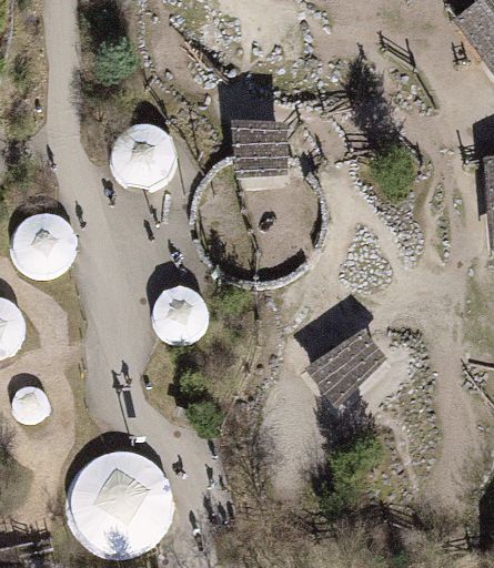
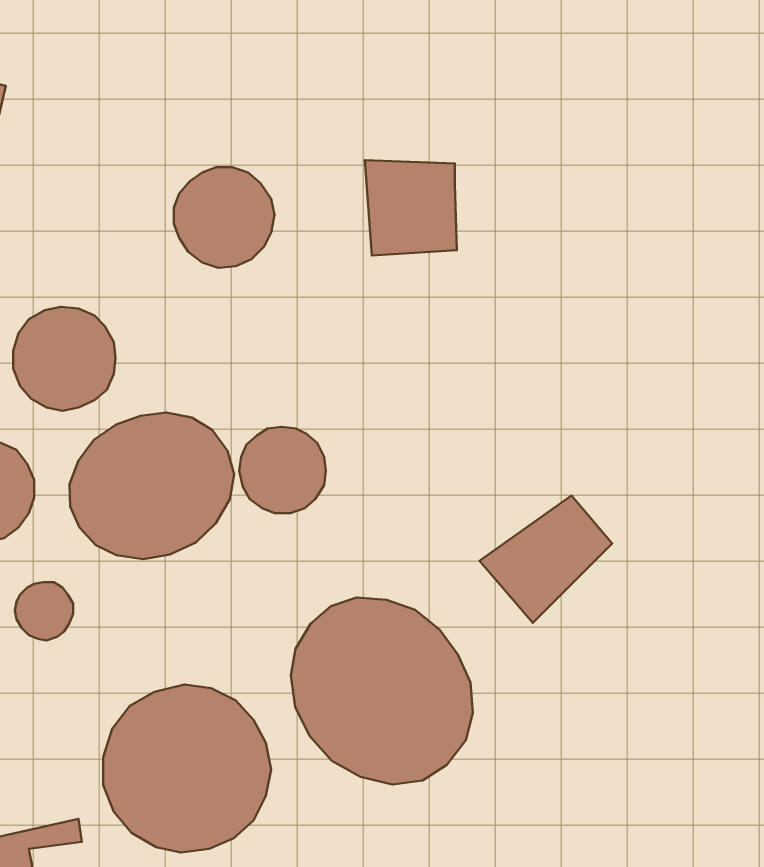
building: none -> [69,412,234,559]
building: none -> [291,598,473,784]

